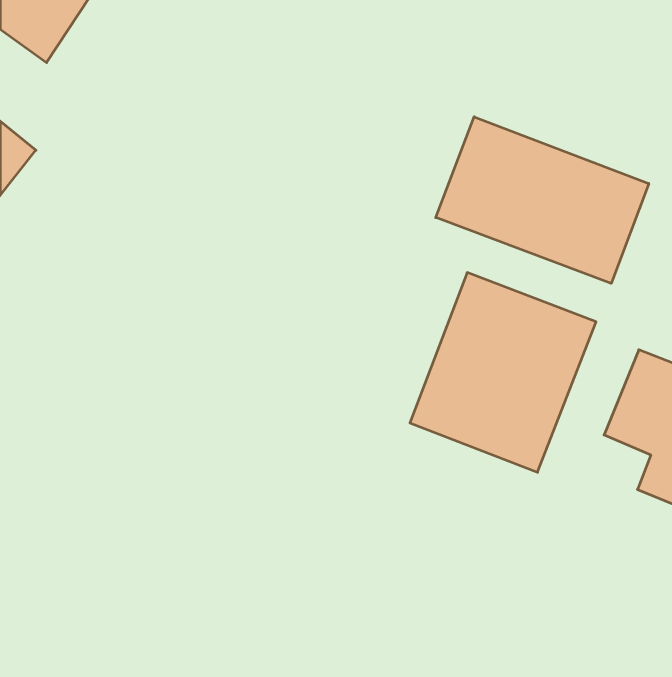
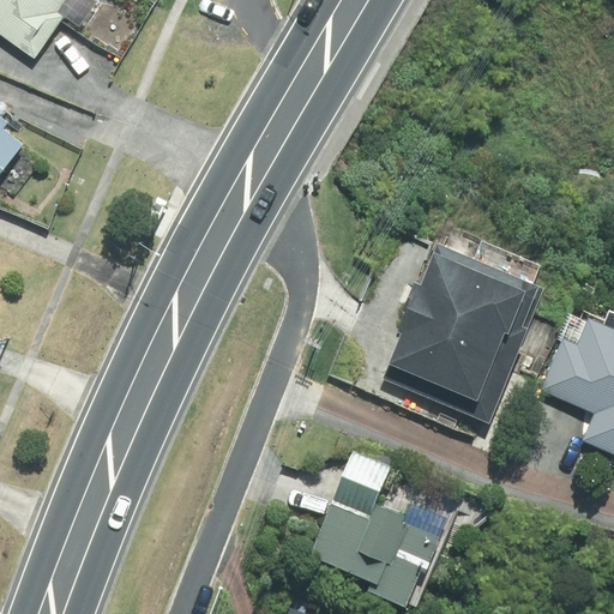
building: [436,117,649,283] -> none
building: none -> [307,441,438,602]

